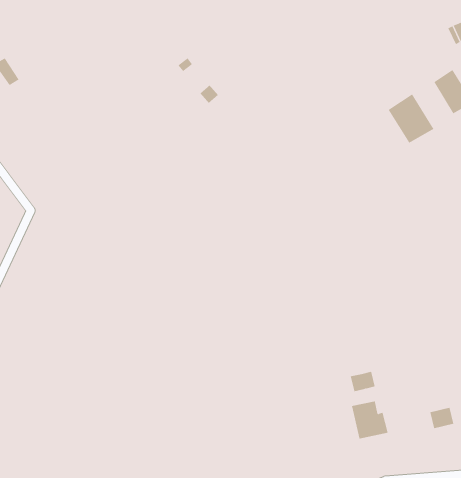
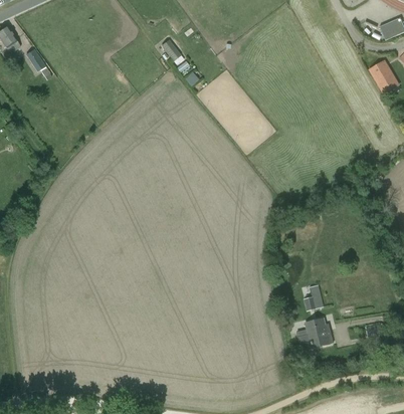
building: [388,93,434,144] -> none

